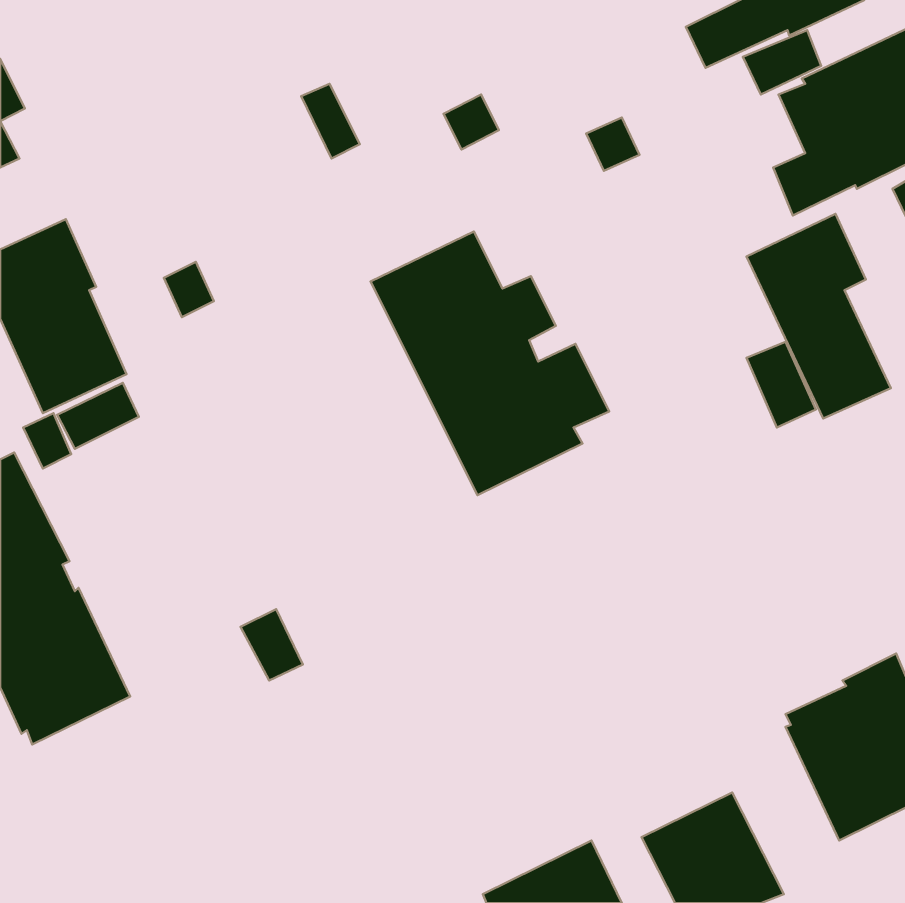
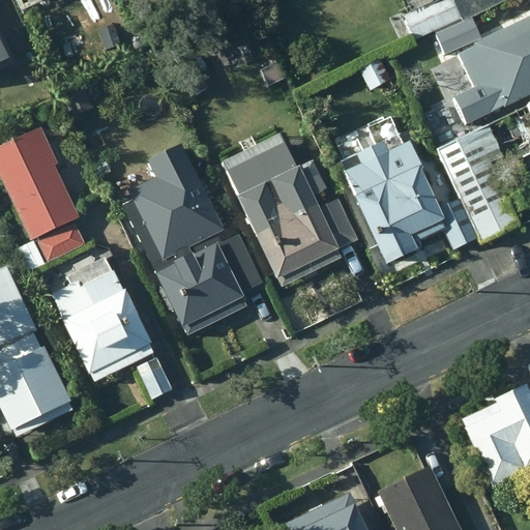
building: none -> [342,142,444,268]
building: none -> [124,152,263,316]
building: none -> [51,258,152,384]

